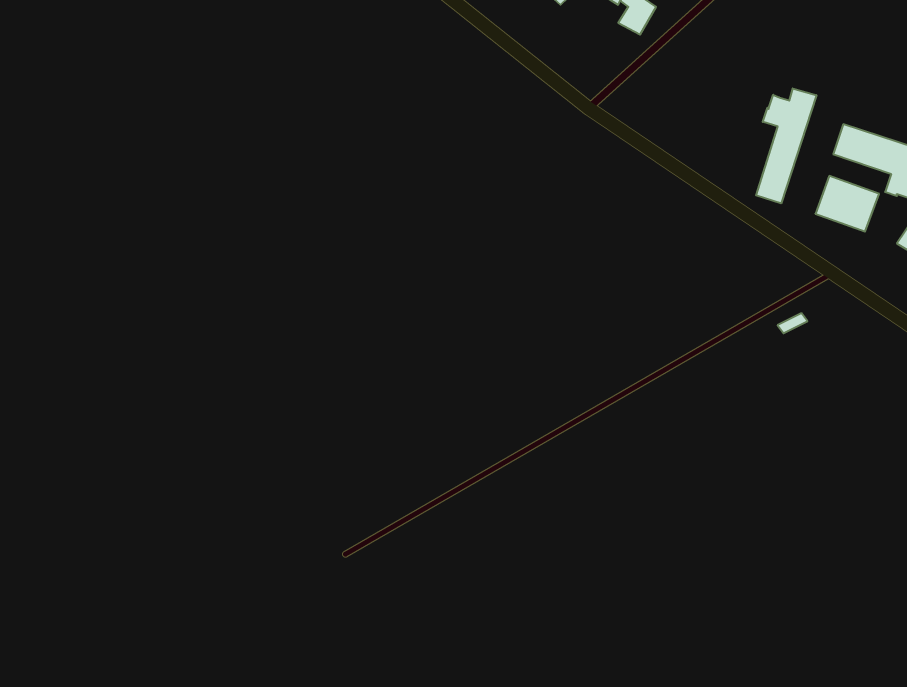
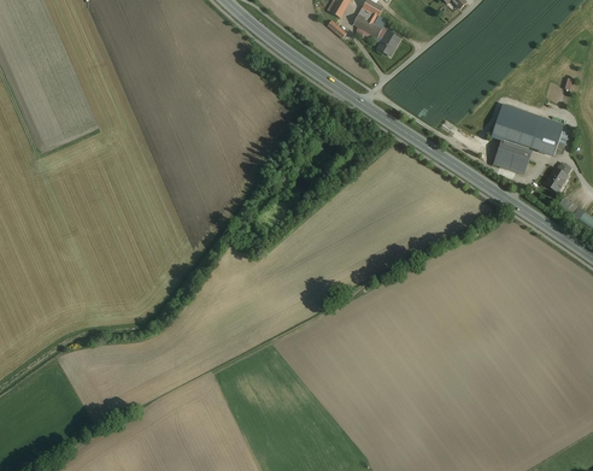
building: [756,88,816,203] -> none

